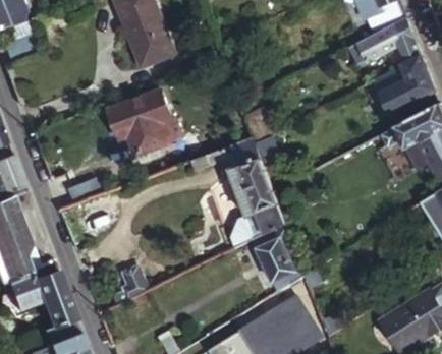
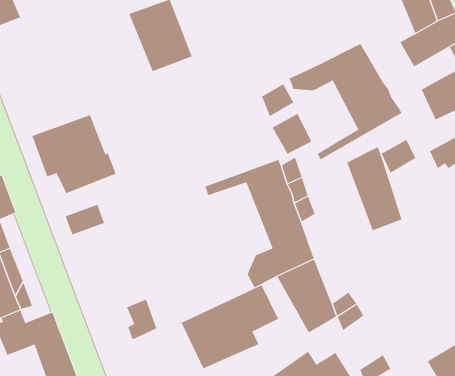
building: none -> [289,43,402,160]
building: [108,92,181,160] -> [31,115,117,194]
building: none -> [347,146,402,231]
building: none -> [181,285,279,369]

